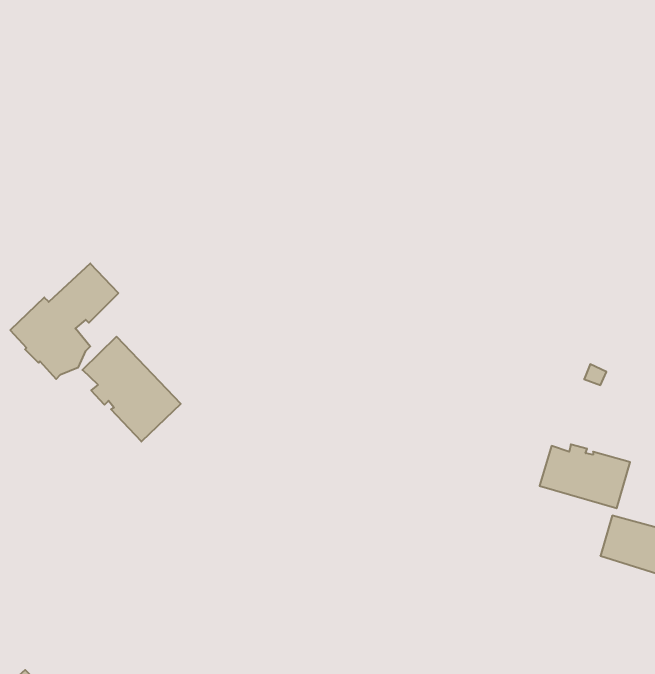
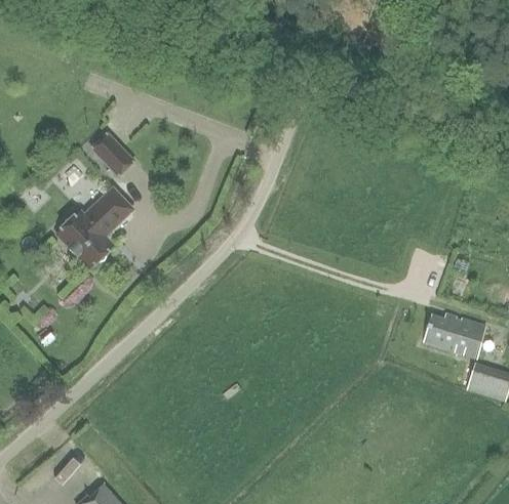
building: none -> [89,129,135,176]
building: [82,337,181,442] -> none

